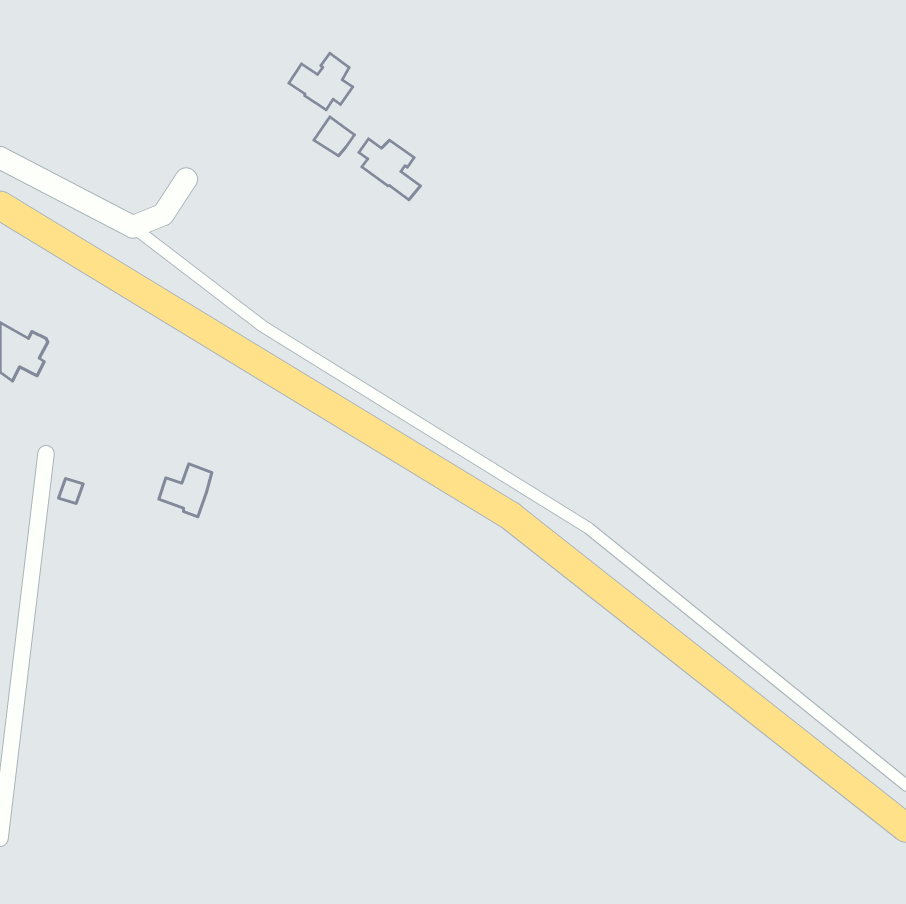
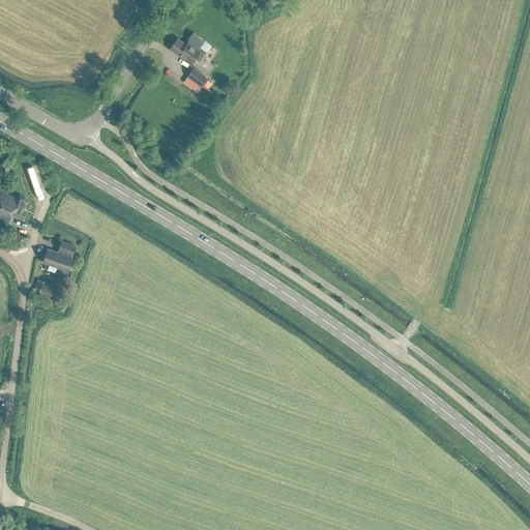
building: [359,139,420,200] -> none
building: [159,464,212,517] -> [43,241,75,272]

